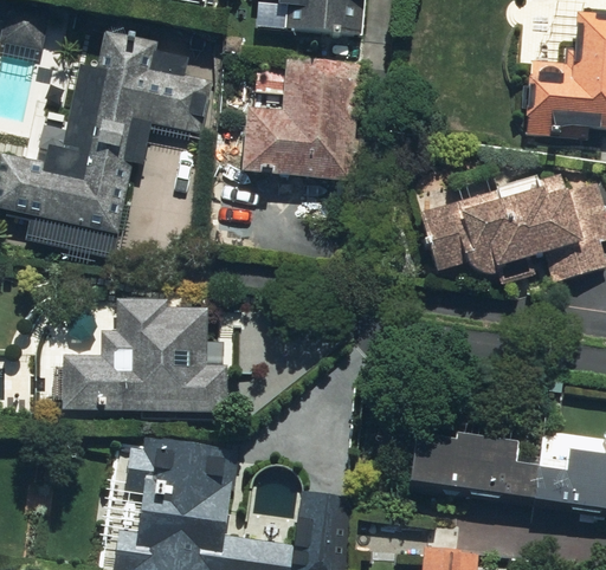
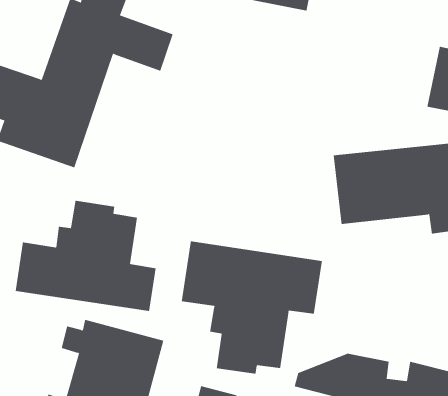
building: [246,52,360,175] -> none
building: none -> [181,241,322,375]

